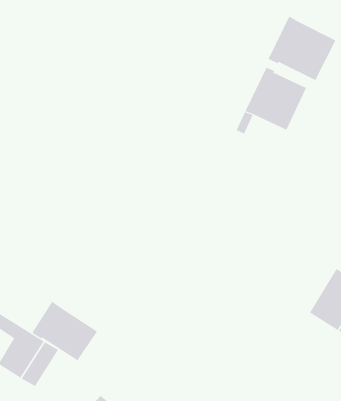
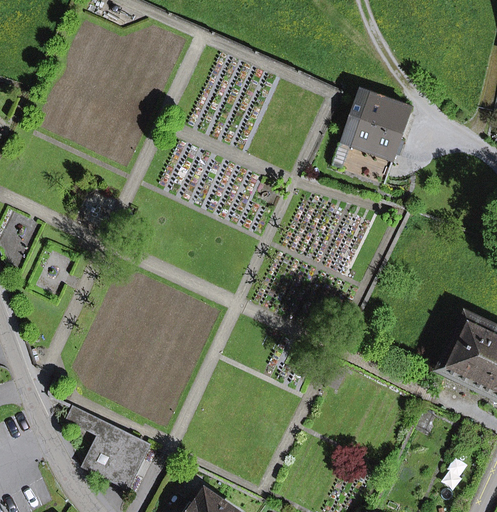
building: [268,16,336,81] -> none
building: [31,301,98,361] -> none

